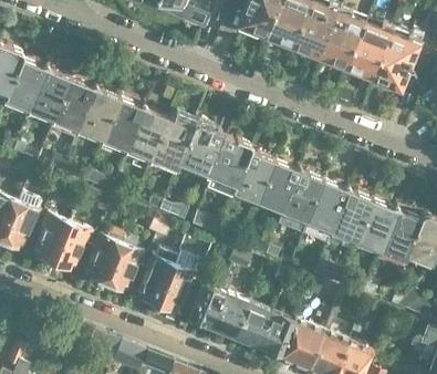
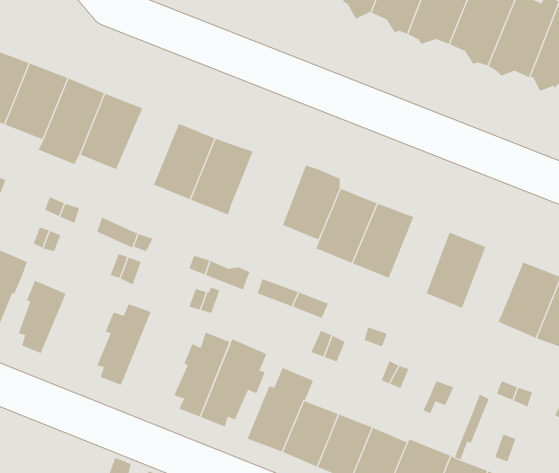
building: [101,100,142,150] -> none
building: [177,124,226,177] -> none
building: [277,172,321,233] -> none
building: [325,191,370,247] -> none
building: [51,222,91,269] -> none
building: [104,232,143,290] -> none

